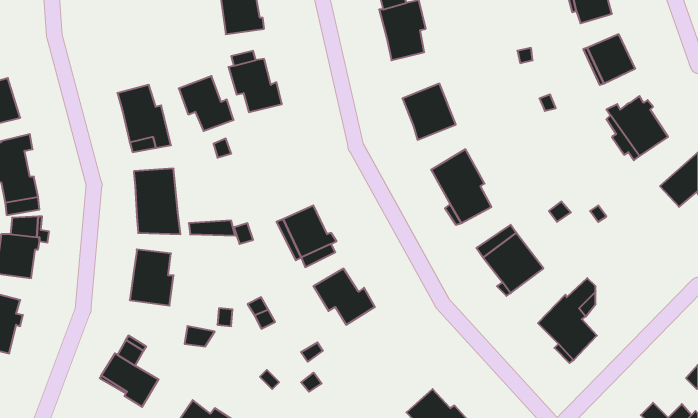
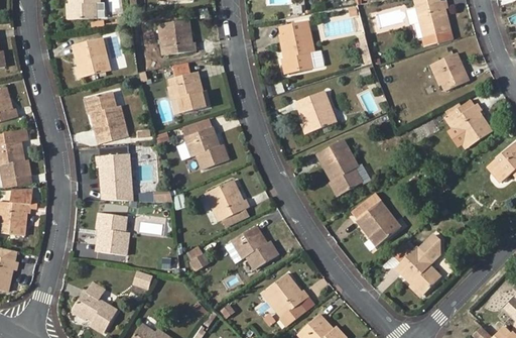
building: none -> [73,37,109,77]
building: [179,76,234,131] -> [185,127,226,167]
building: none -> [266,274,307,314]

